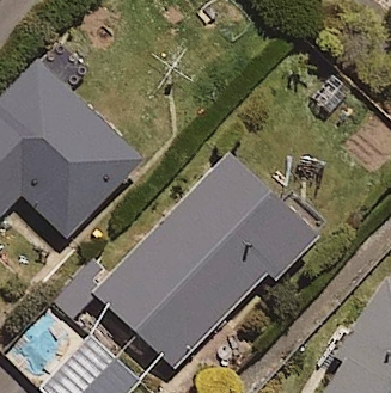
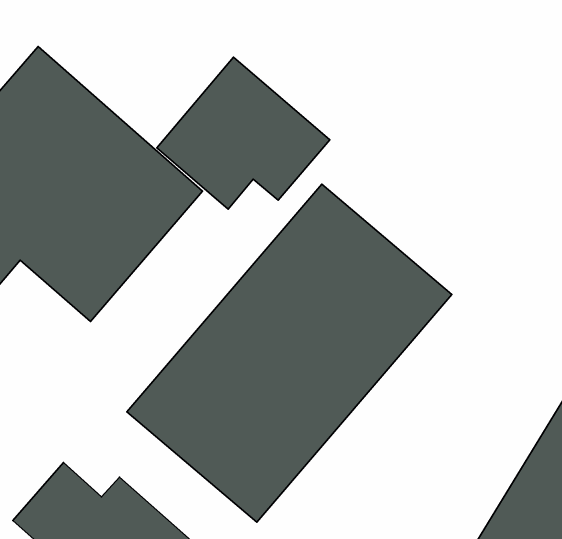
building: none -> [157,57,330,209]

